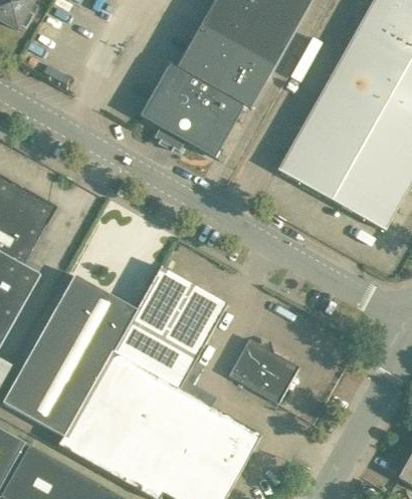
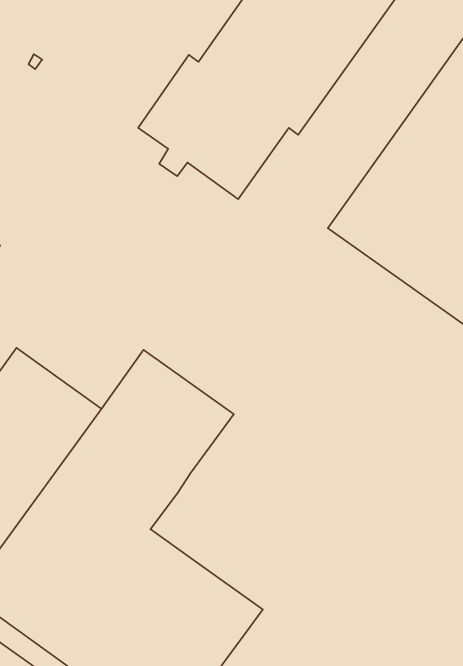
building: [228,338,298,404] -> none

